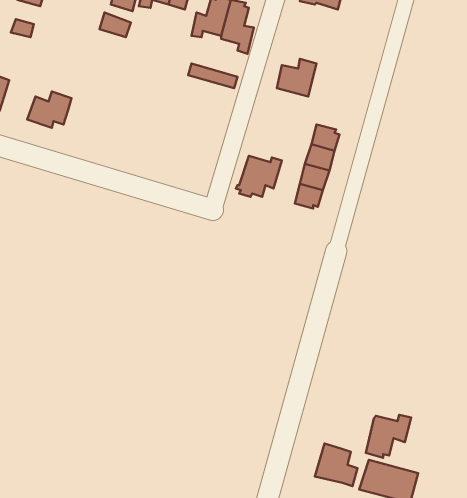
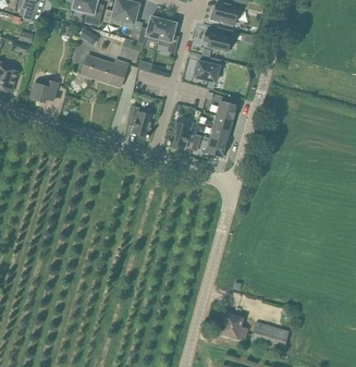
building: none -> [202,26,232,51]
building: none -> [81,56,126,86]
building: none -> [127,105,152,138]
building: [366,415,411,458] -> none

